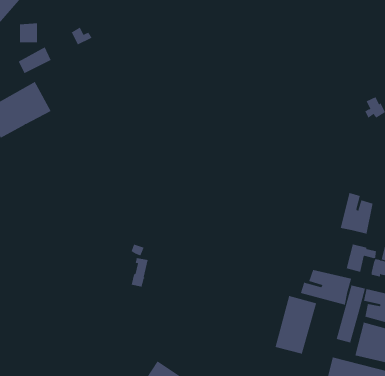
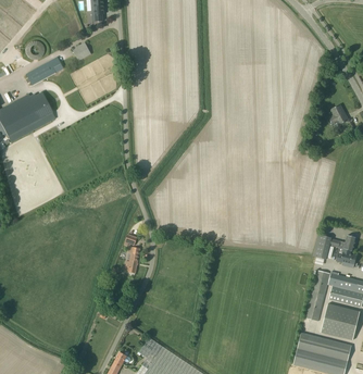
building: [340,192,373,235] -> none
building: [300,269,352,306] -> none
building: [275,295,317,355] -> none

